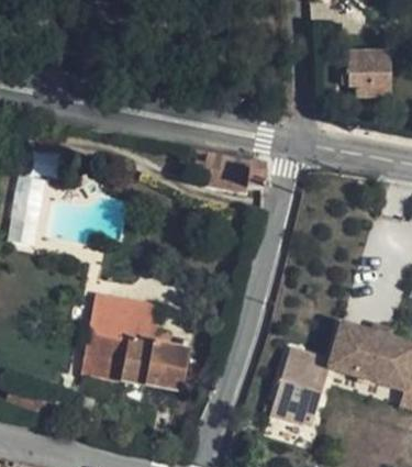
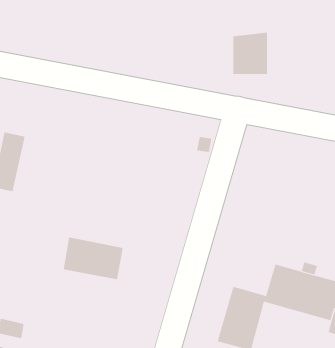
building: [347,45,389,94] -> [232,32,268,74]
building: [83,331,189,389] -> none

